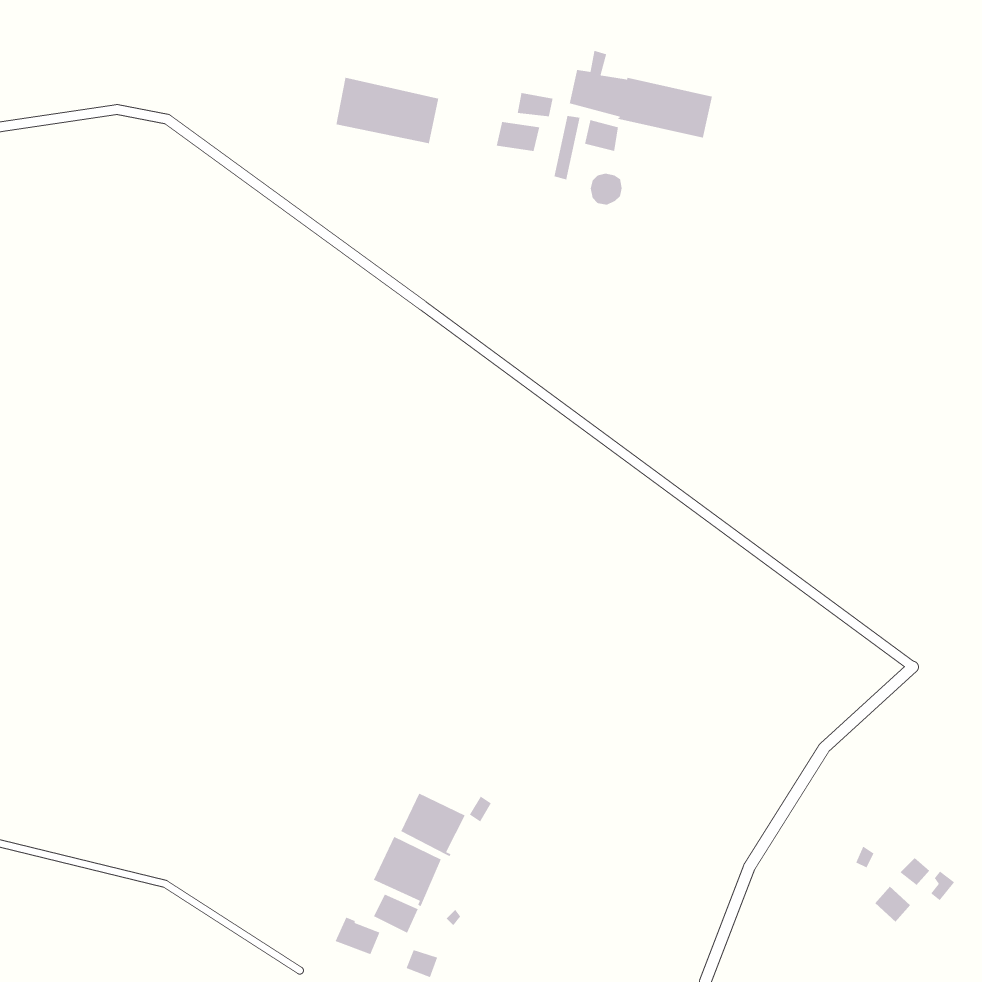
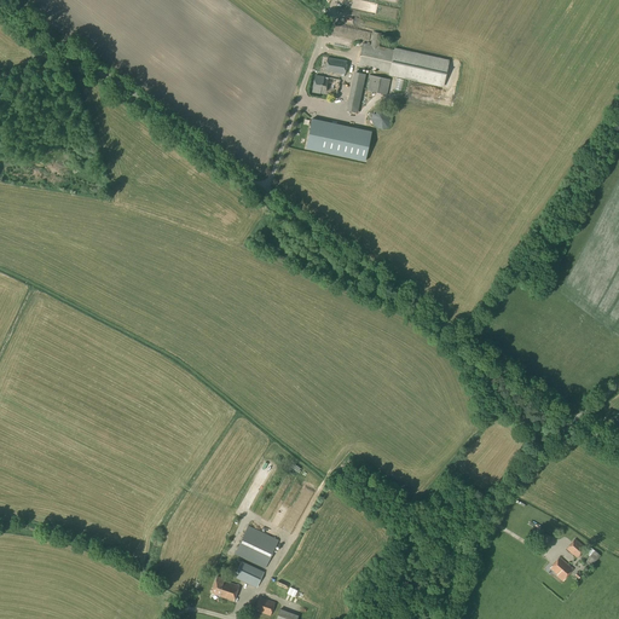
building: [335,77,439,144] -> [306,118,371,161]
building: [400,793,466,857] -> none

